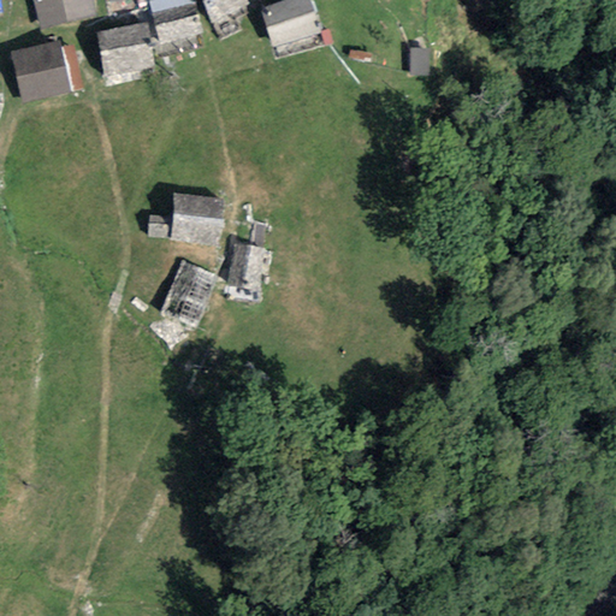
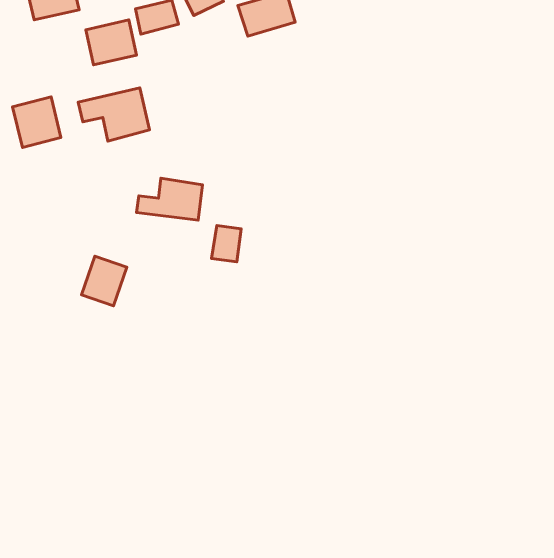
building: [10,42,63,97] -> [12,97,61,147]
building: none -> [78,88,150,141]
building: [166,262,215,316] -> [82,256,127,306]

